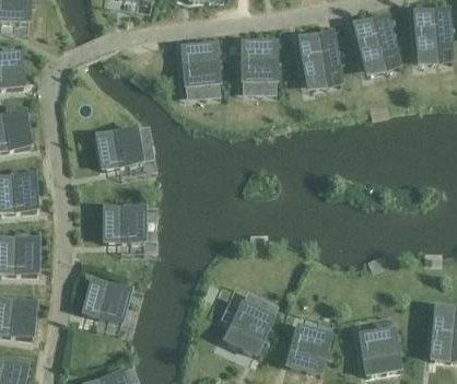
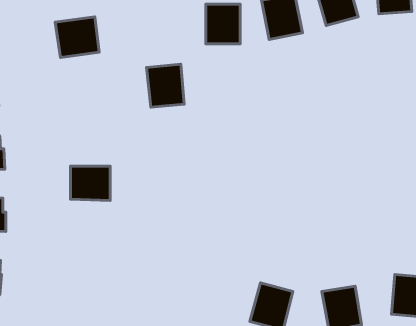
building: [181,43,220,86] -> [146,64,184,107]
building: [97,126,142,167] -> [55,17,99,58]
building: [83,278,131,322] -> none
building: [225,302,273,353] -> none

